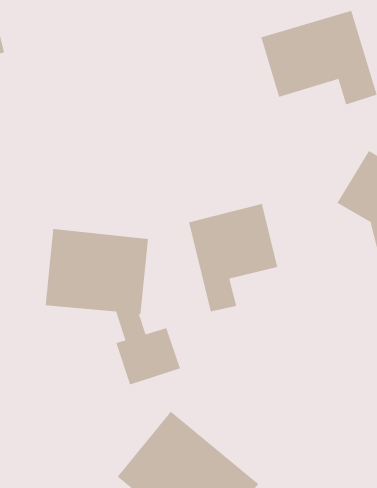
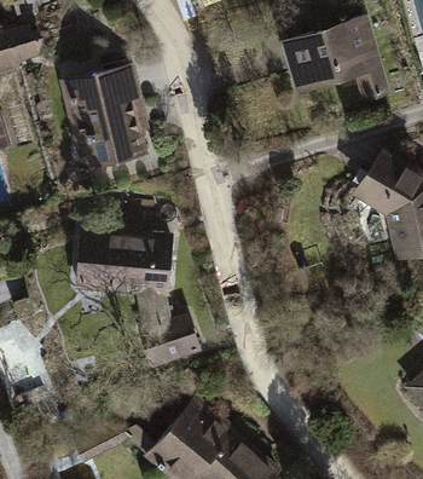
building: none -> [62,63,155,172]
building: [188,203,278,312] -> none

